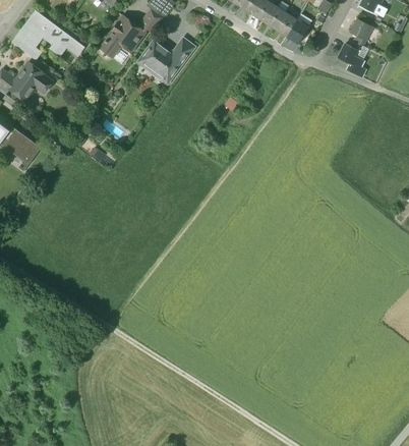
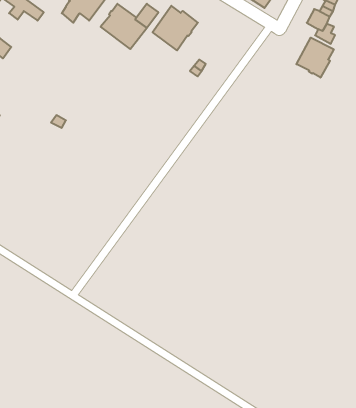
building: none -> [153,6,198,50]
building: none -> [296,38,334,78]

